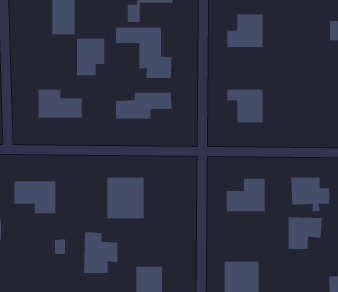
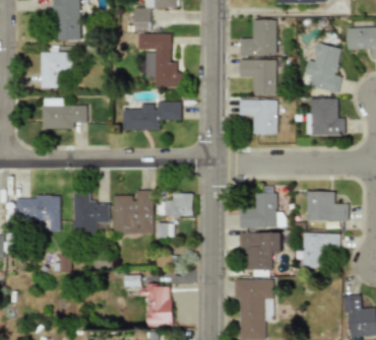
building: none -> [298,43,343,92]
building: [76,38,105,76] -> [41,48,71,87]
building: none -> [239,59,277,95]
building: none -> [306,98,344,136]
building: none -> [156,193,193,237]
building: none -> [238,231,281,271]
building: [83,232,118,273] -> [72,191,109,234]

